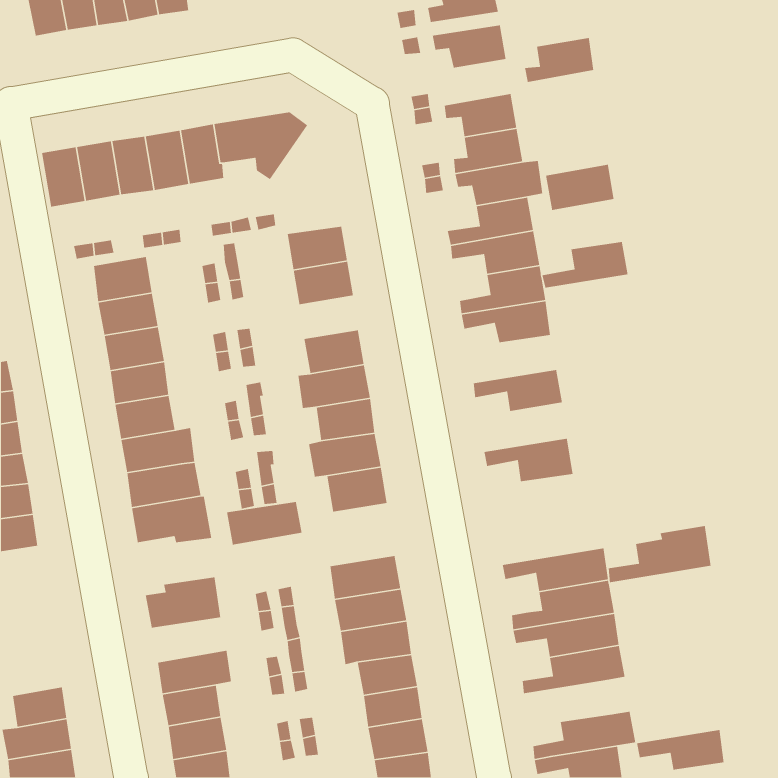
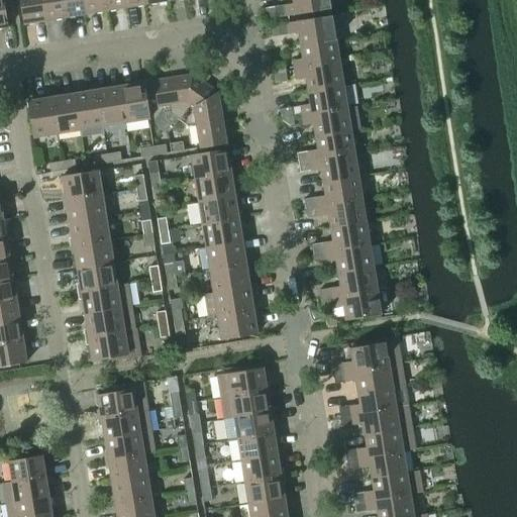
building: [524,37,594,83] -> [293,39,339,70]
building: none -> [180,83,226,147]
building: [545,164,614,211] -> none
building: [542,241,629,289] -> [312,222,370,253]
building: none -> [199,196,238,224]
building: none -> [320,267,377,299]
building: [226,501,302,545] -> [101,409,151,438]
building: [608,525,712,583] -> [332,335,401,374]
building: [636,729,725,770] -> [347,450,406,478]

